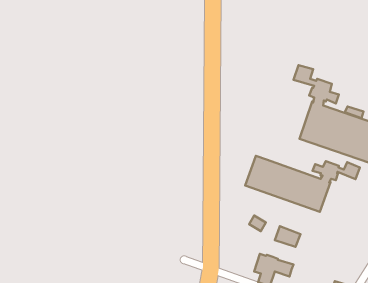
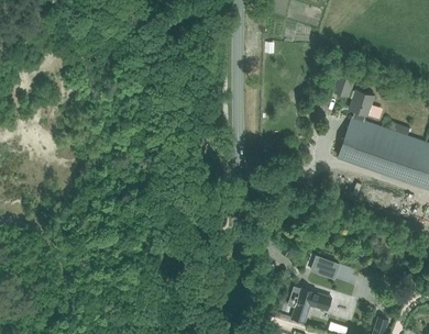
building: [245,156,360,212] -> none

